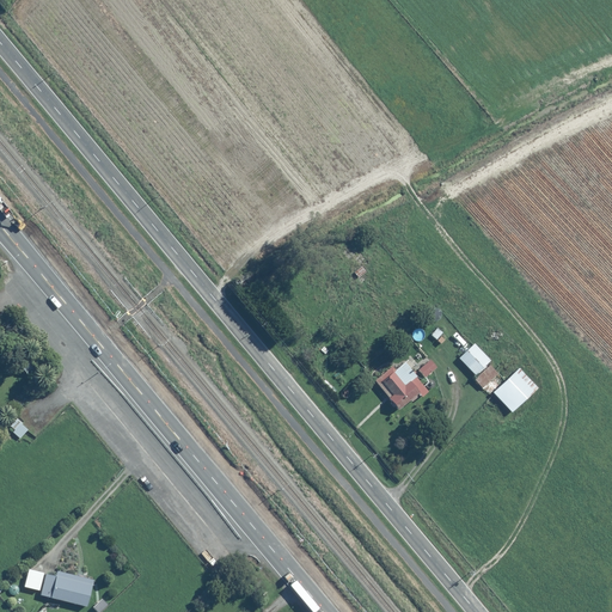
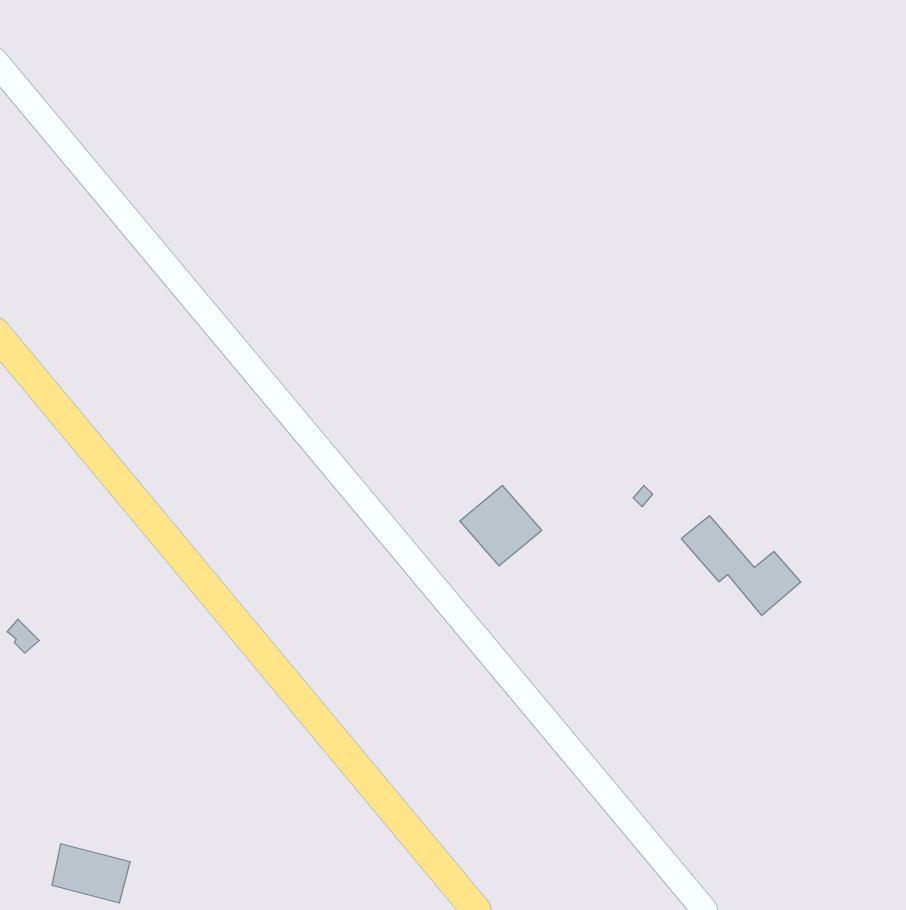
building: [377,357,432,411] -> [460,486,542,566]

